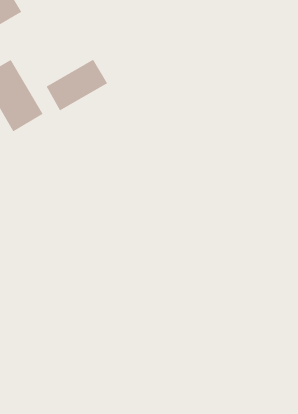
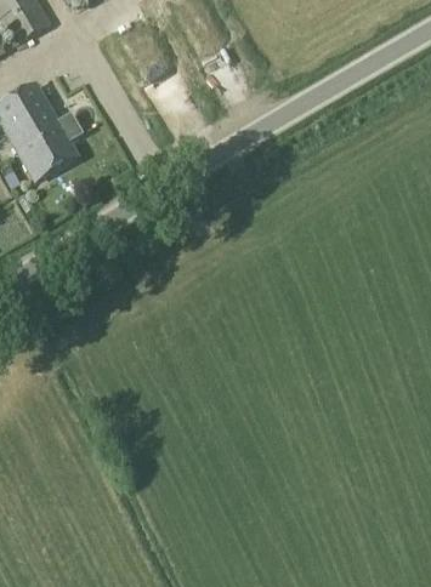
building: [46,59,108,111] -> none

